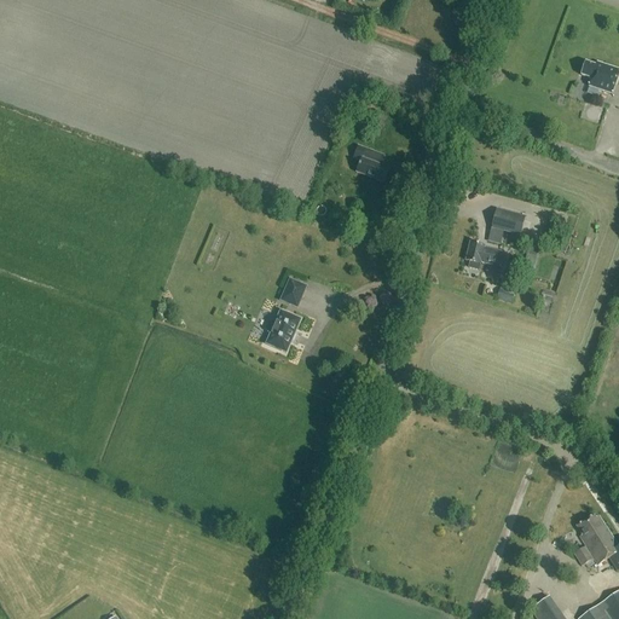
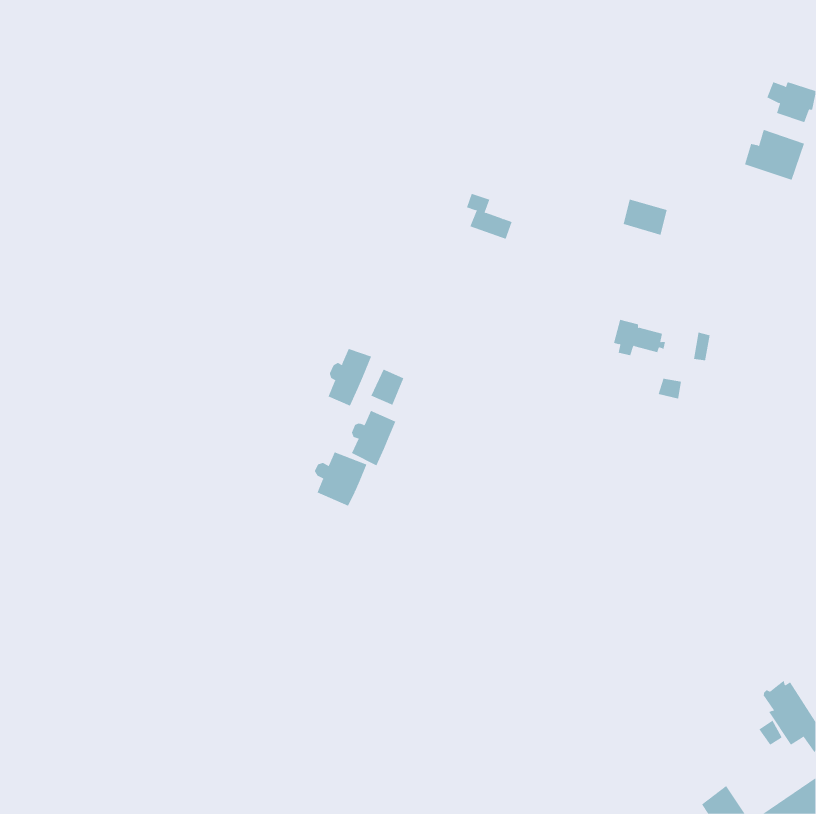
building: [491,208,525,236] -> [623,199,667,235]
building: none -> [328,348,372,407]
building: none -> [314,451,367,506]

